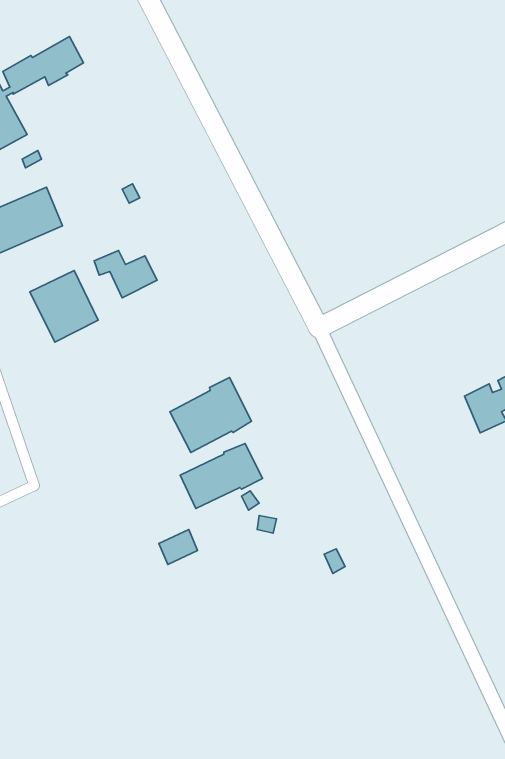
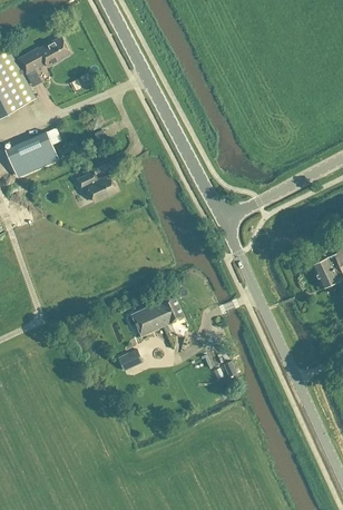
building: [30,271,98,342] -> none
building: [170,377,251,453] -> none

